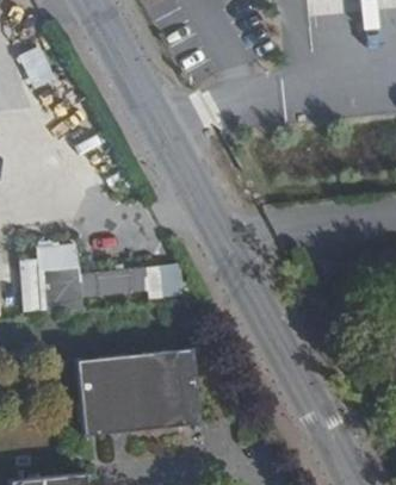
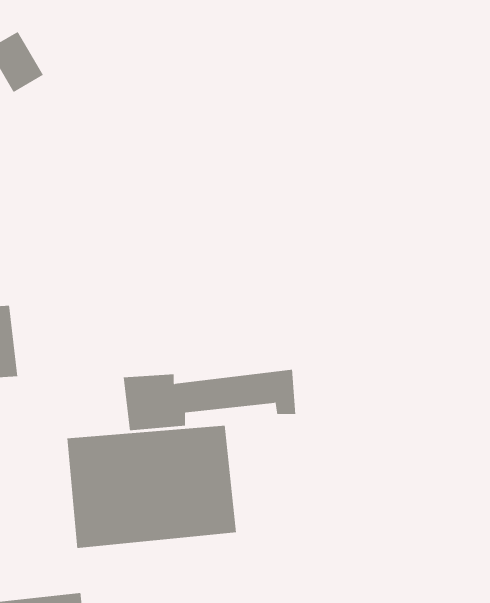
building: [37,257,165,303] -> [123,369,296,431]

